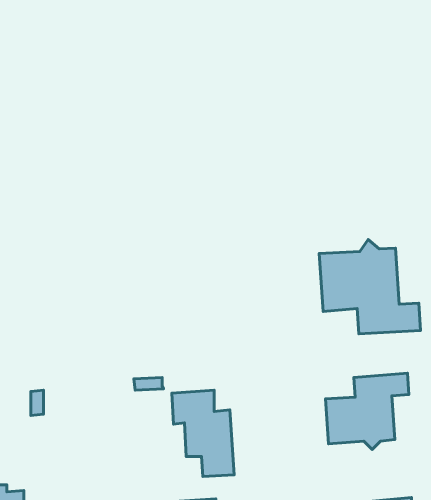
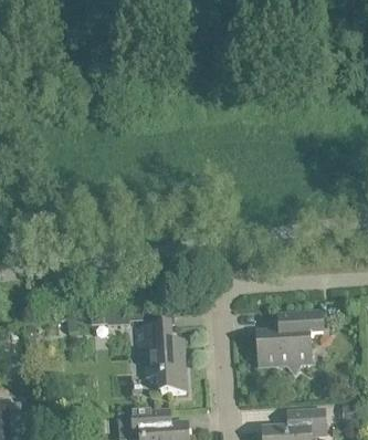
building: [319,239,421,334] -> none

